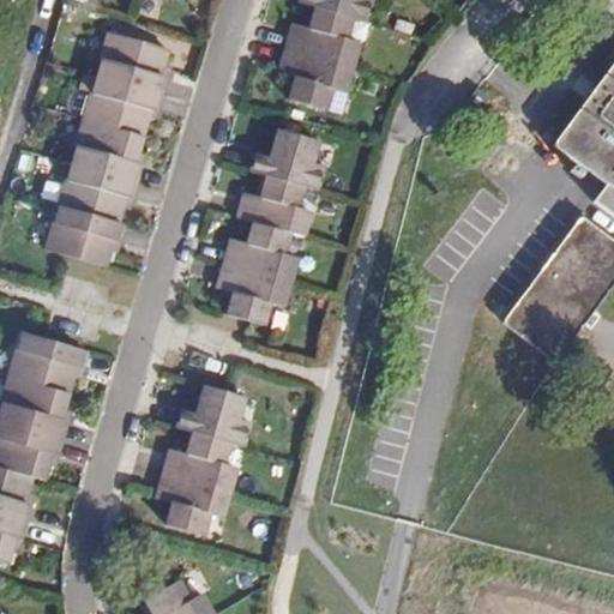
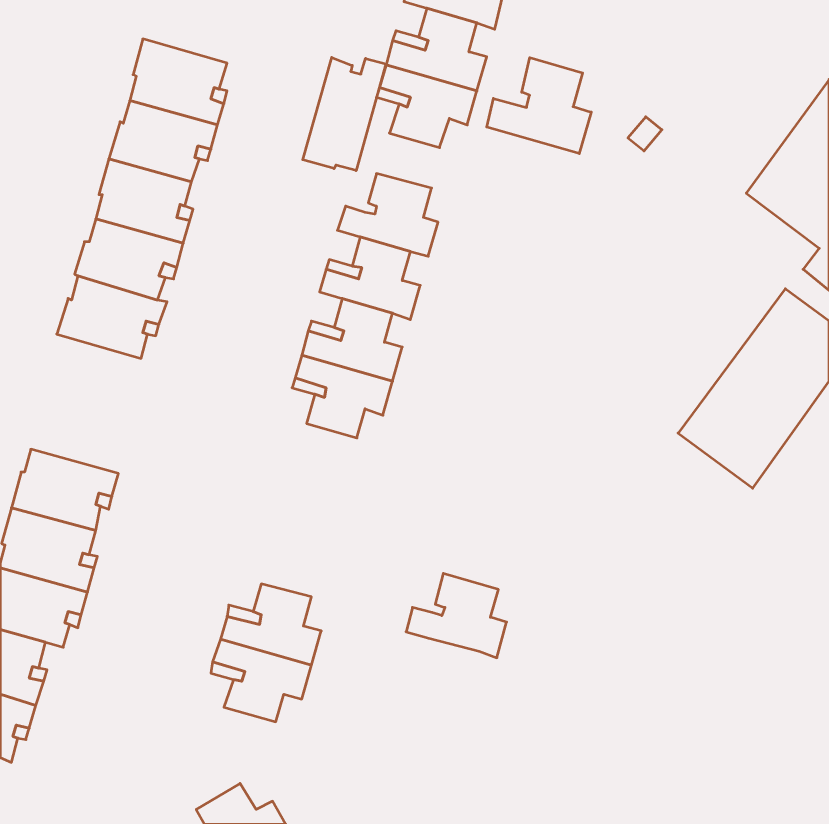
building: none -> [303,57,386,171]
building: none -> [487,58,591,154]
building: [176,384,251,446] -> [406,573,507,658]

